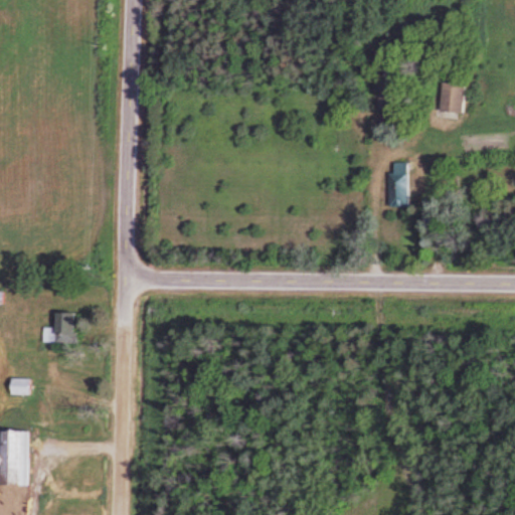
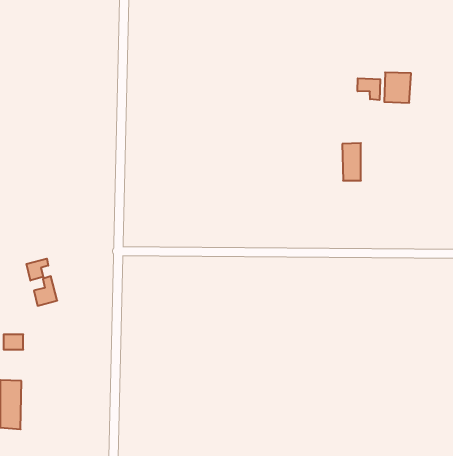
building: none -> [358,78,380,100]
building: none -> [26,259,48,281]

